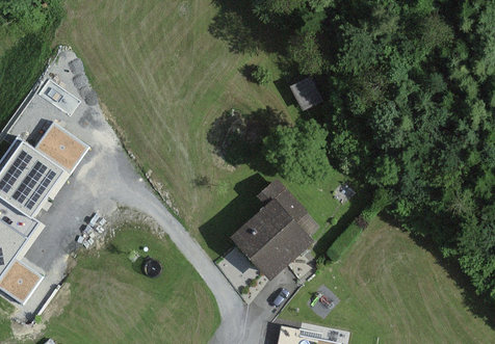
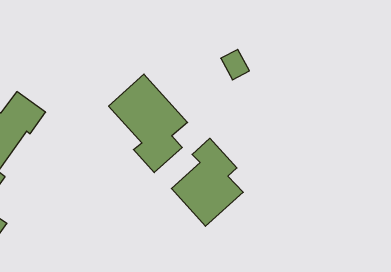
building: none -> [109,74,188,173]

